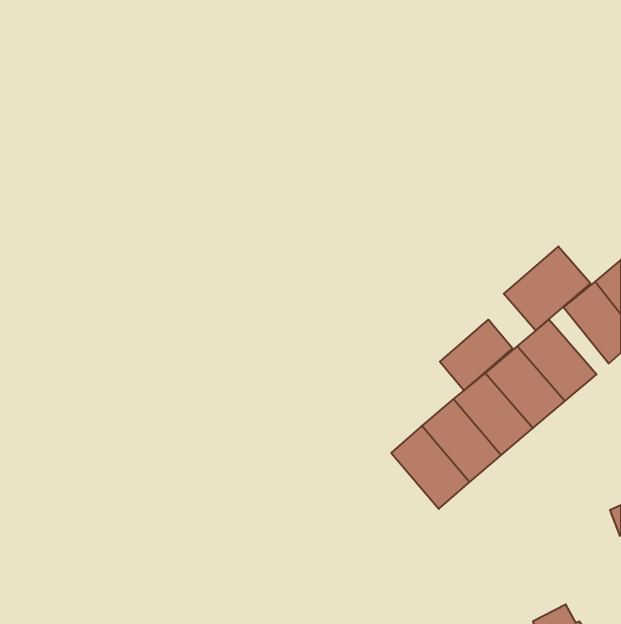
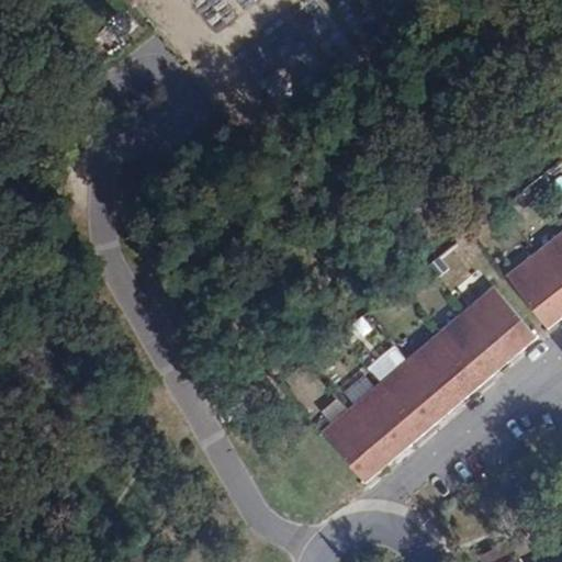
building: [504,246,590,331] -> none
building: [440,320,513,391] -> none
building: none -> [323,407,394,482]

